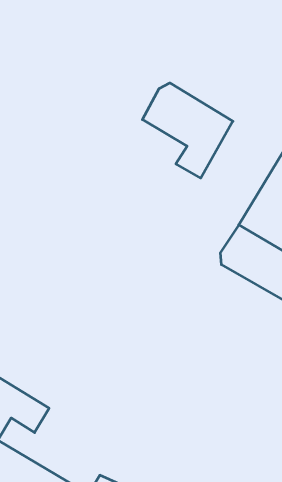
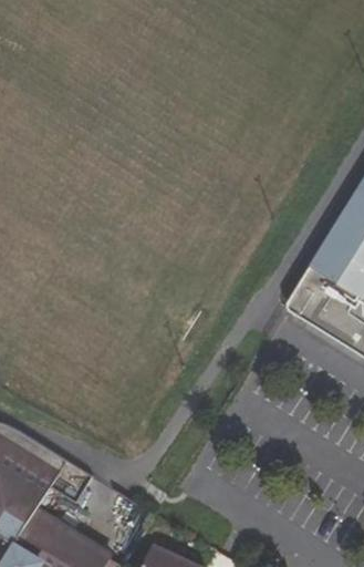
building: [142,83,233,178] -> none

